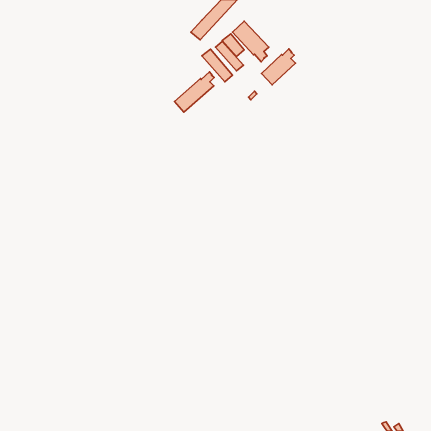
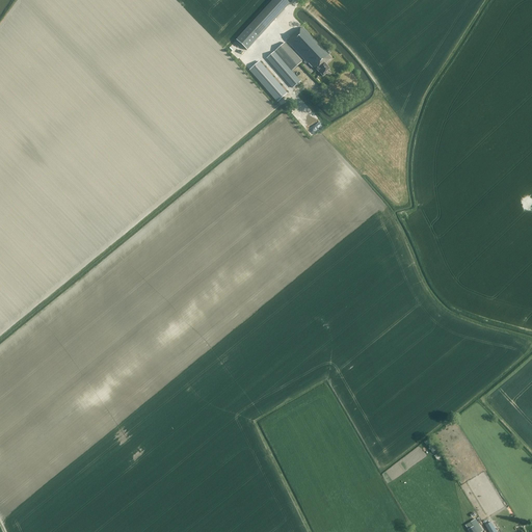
building: [262,49,295,85] -> none
building: [174,72,214,112] -> none

